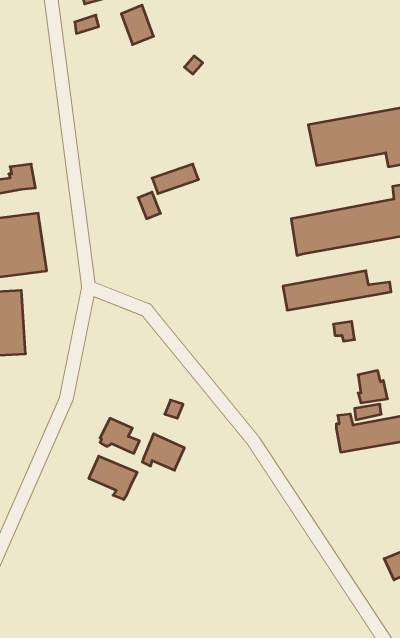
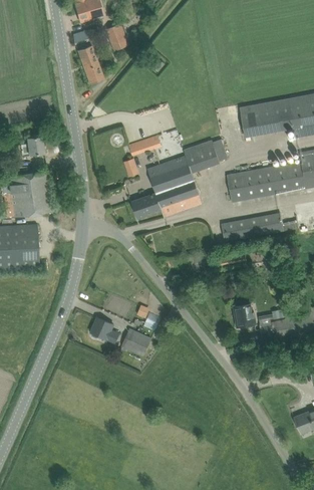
building: none -> [77,45,103,83]
building: none -> [131,140,219,218]
building: [358,371,388,403] -> [235,303,256,326]
building: [89,456,137,500] -> none

